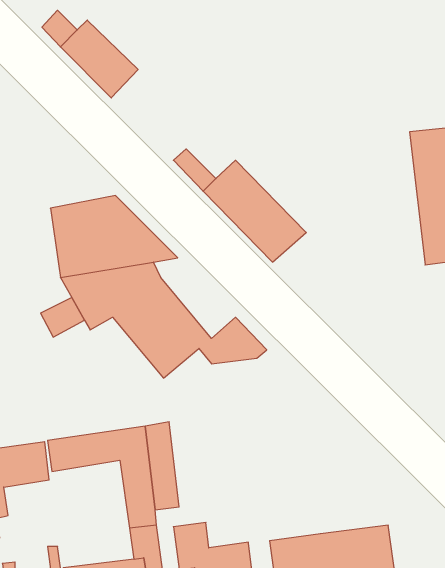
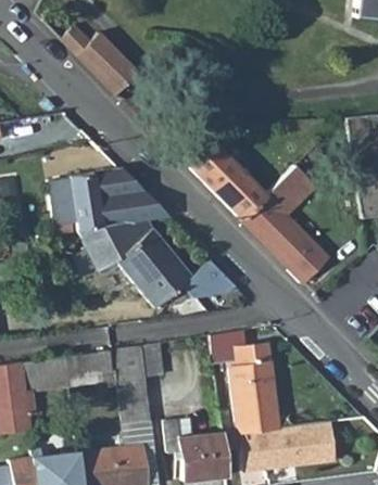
building: none -> [241,167,330,282]
building: none -> [49,177,77,224]
building: none -> [211,329,278,434]

